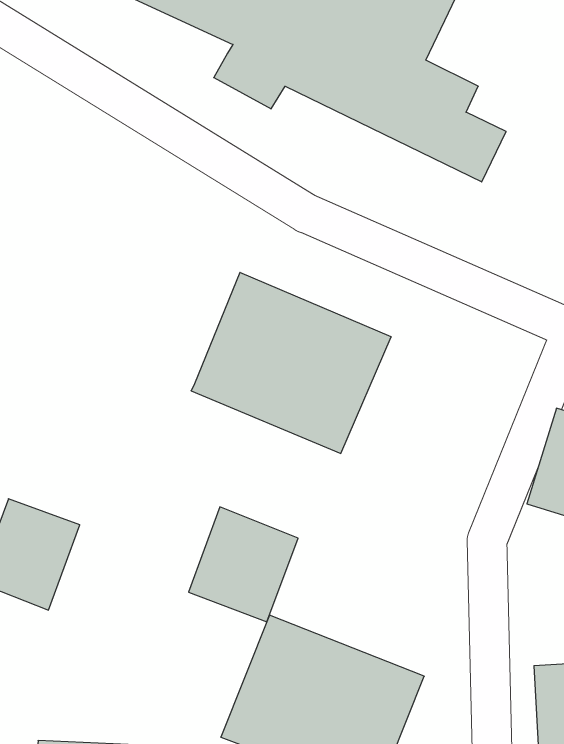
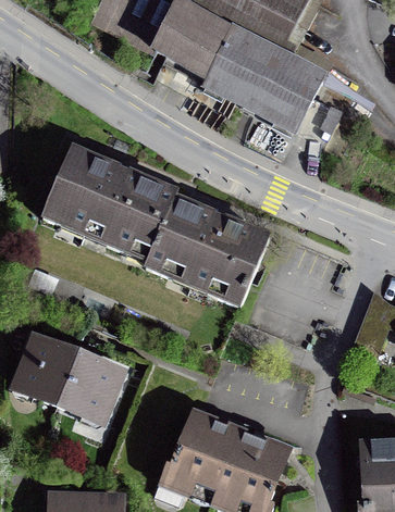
building: none -> [39,143,180,265]
building: [189,507,298,622] -> [55,353,124,425]

